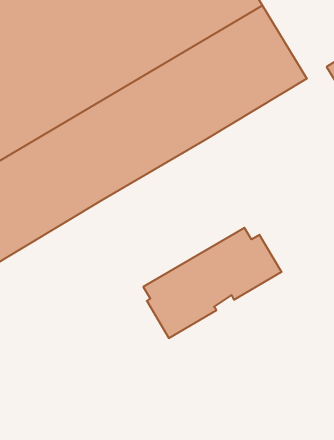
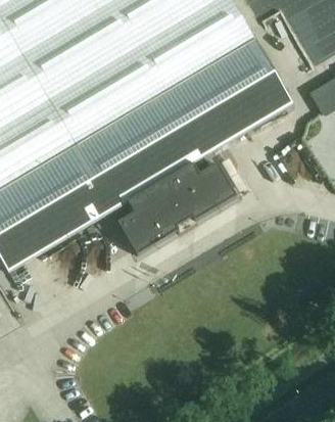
building: [143,228,282,338] -> [113,155,235,252]

